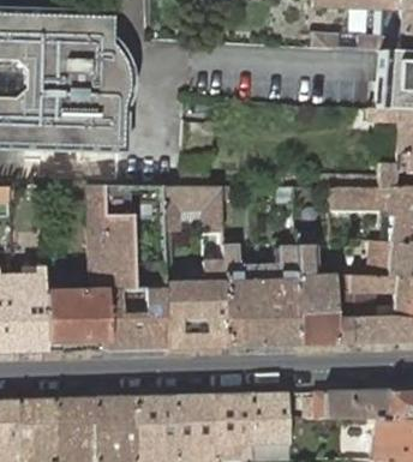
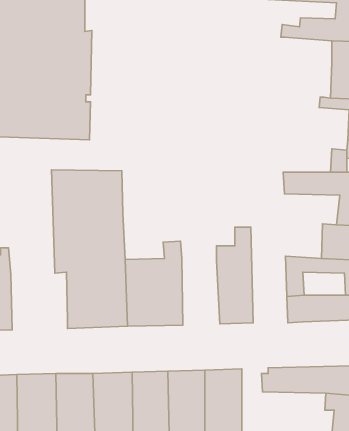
building: [162,186,223,232] -> none
building: [223,238,264,347] -> none
building: [297,245,335,344] -> none
building: [47,292,106,352] -> none

